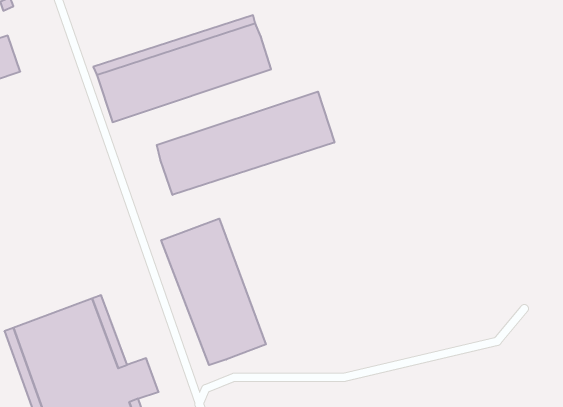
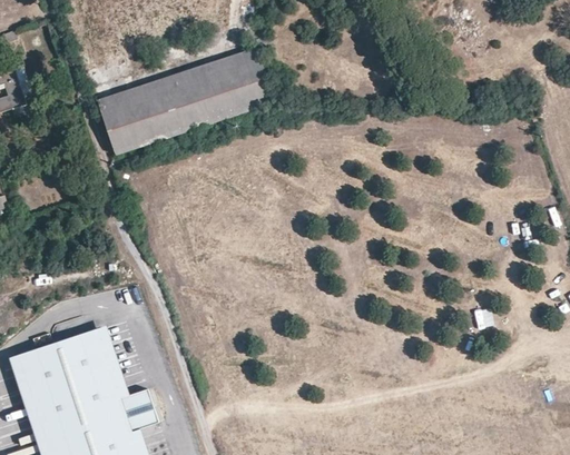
building: [157,92,334,195] -> none
building: [161,219,266,365] -> none

